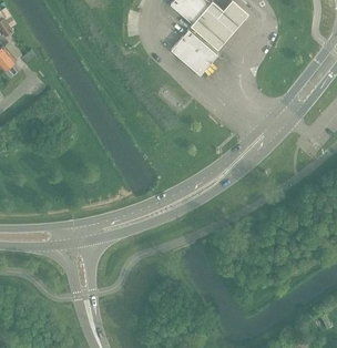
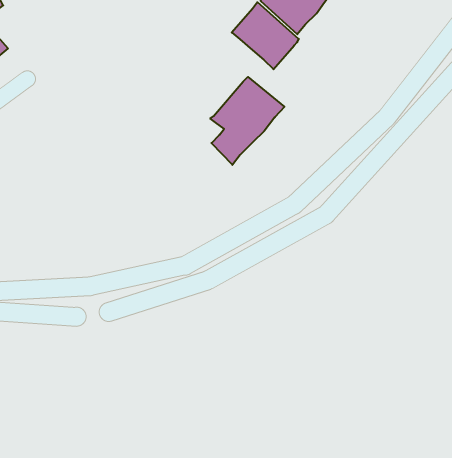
building: none -> [210,77,284,165]

